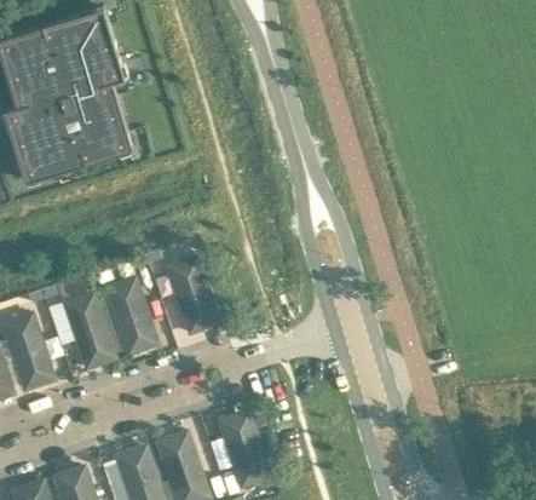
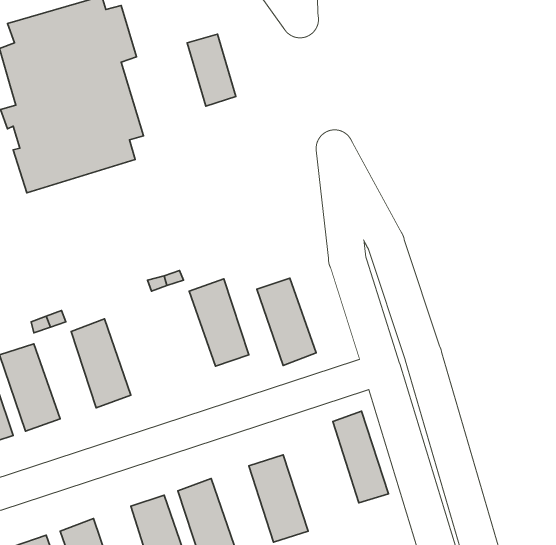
building: none -> [187,34,236,106]
building: [105,277,157,354] -> [257,278,316,365]
building: none -> [333,411,388,503]

